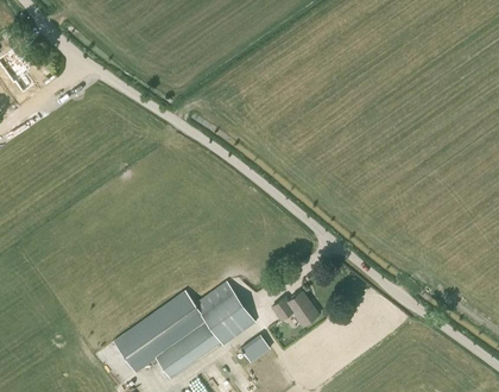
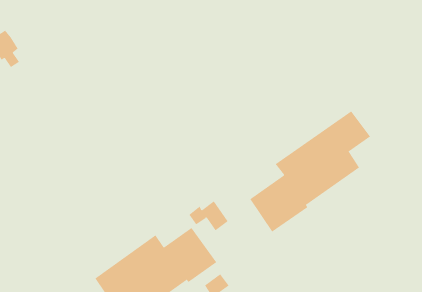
building: none -> [249,111,371,233]
building: [272,291,318,327] -> [189,201,229,231]

